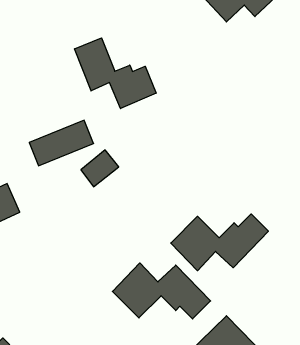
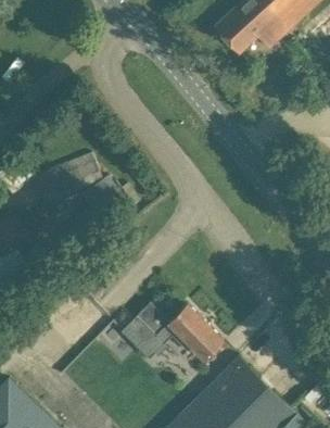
building: [75,38,156,109] -> none
building: [171,214,268,271] -> none

